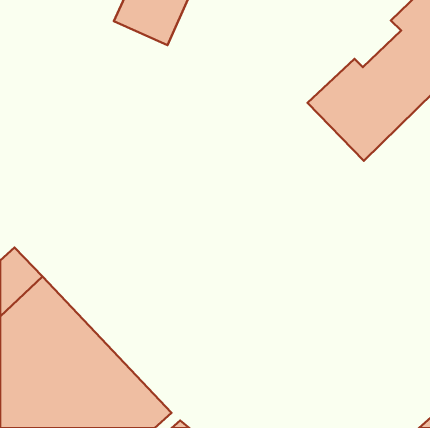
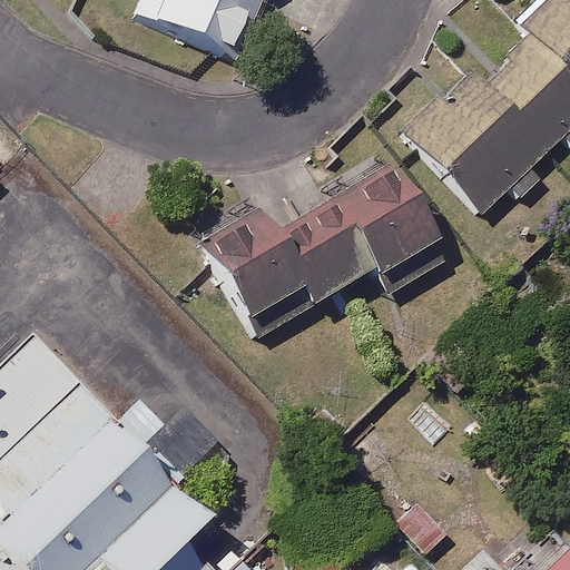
building: none -> [208,173,438,337]

